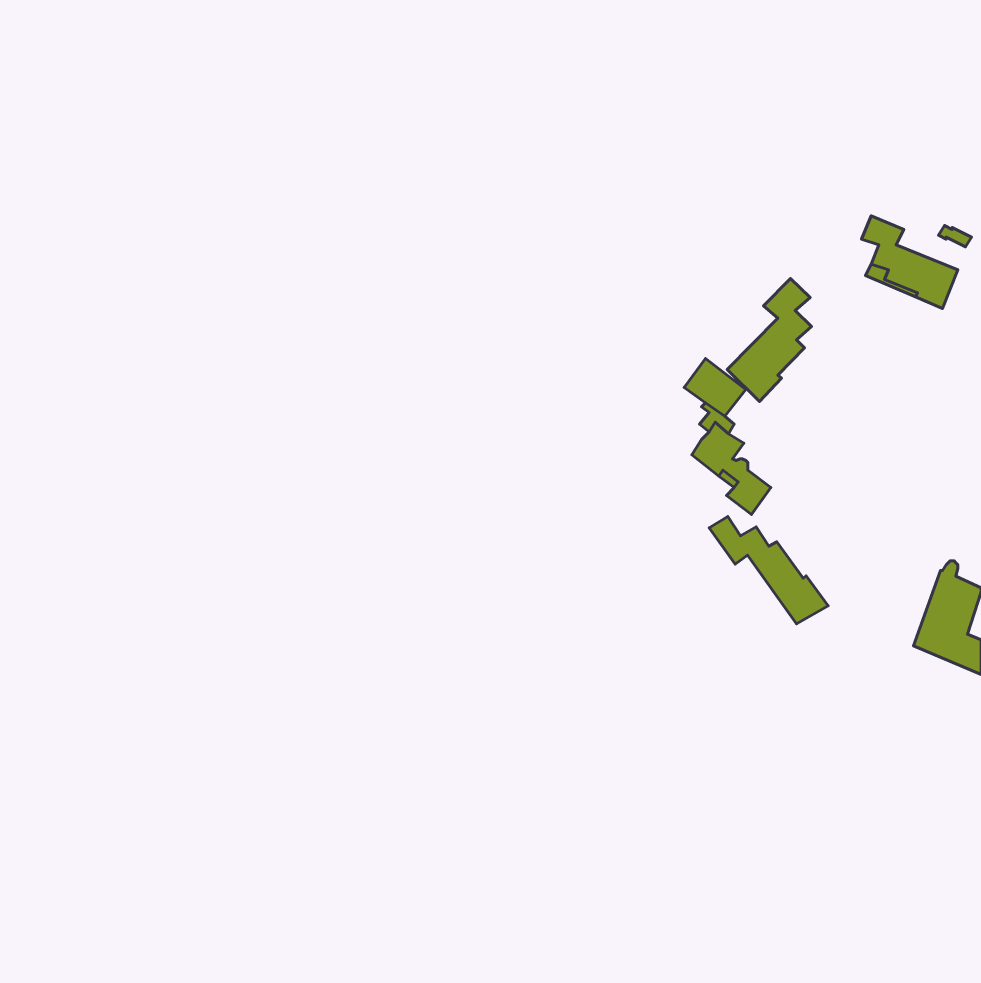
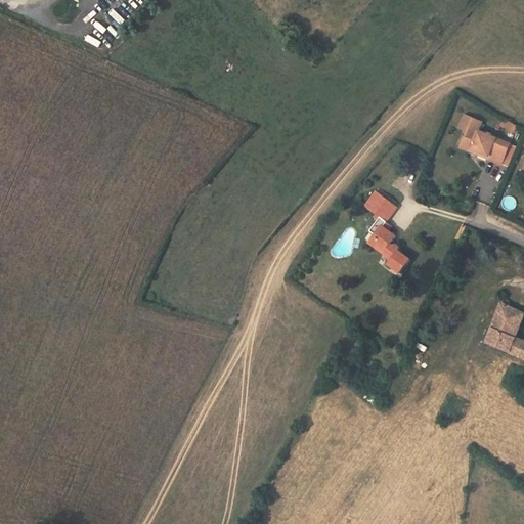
building: [727,278,811,401] -> none
building: [709,517,828,624] -> none

